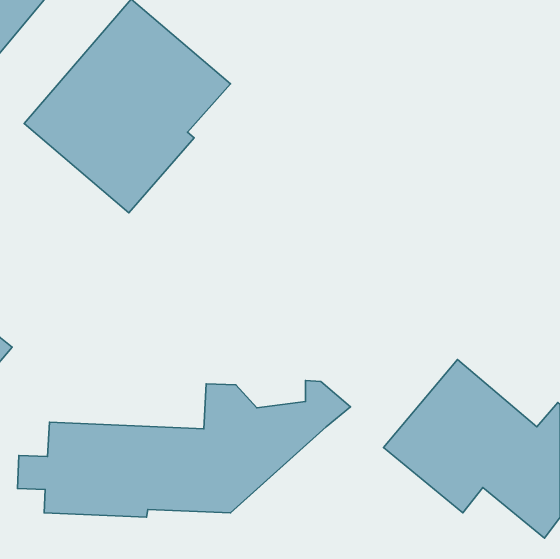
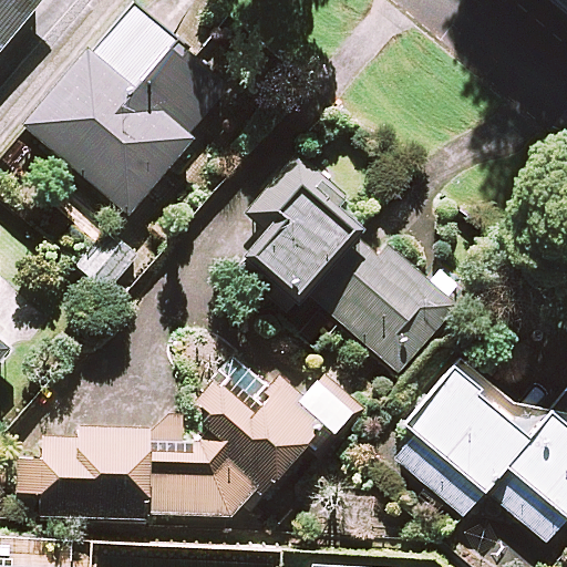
building: none -> [237,155,455,372]

